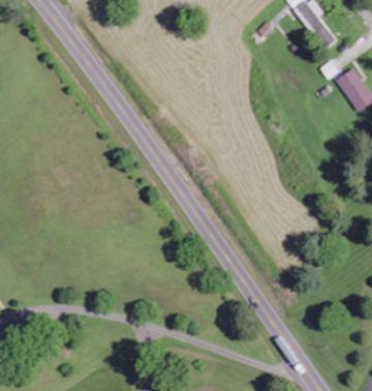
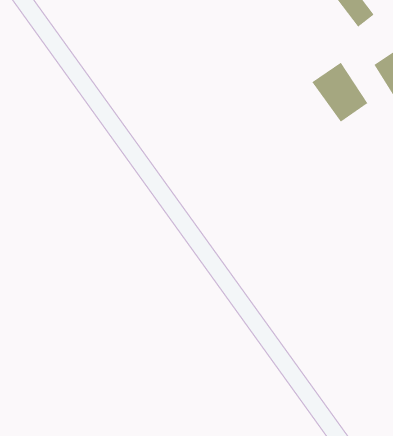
building: none -> [311,62,368,122]

